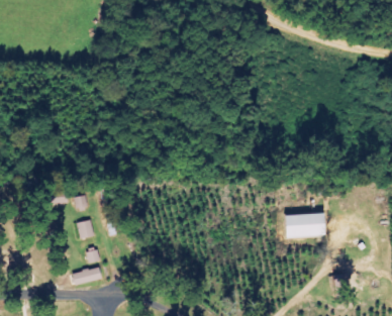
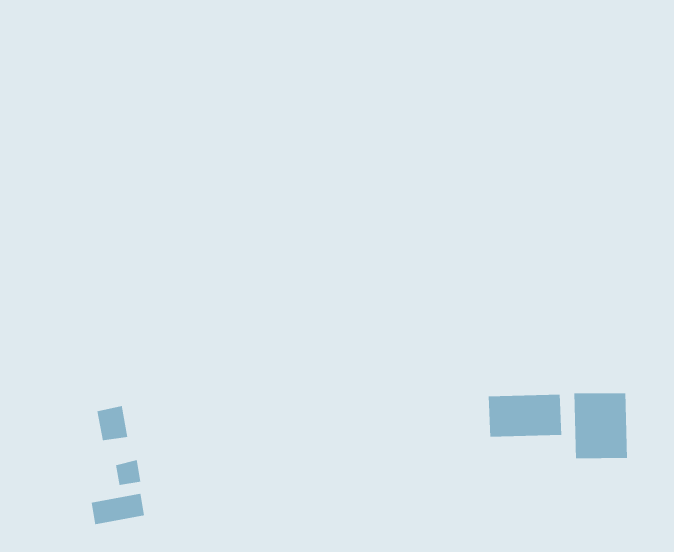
building: none -> [574,392,627,459]

